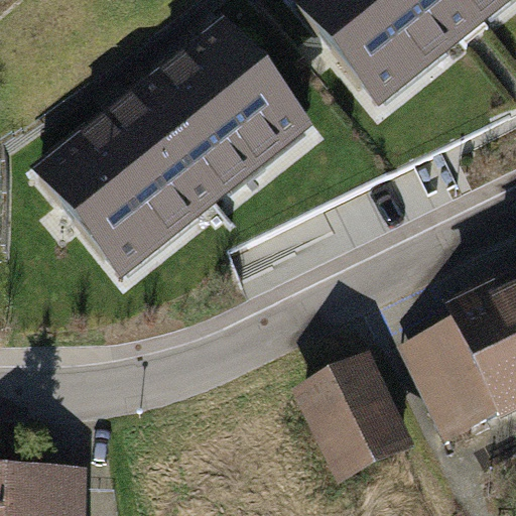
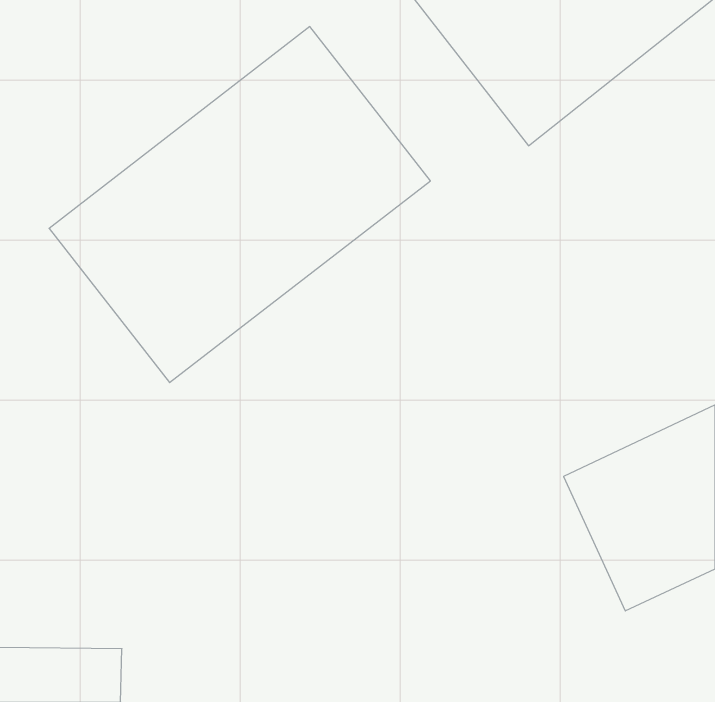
building: [302,360,408,480] -> none

